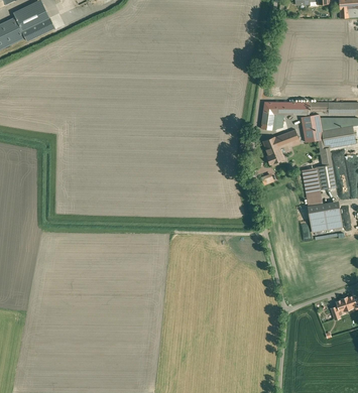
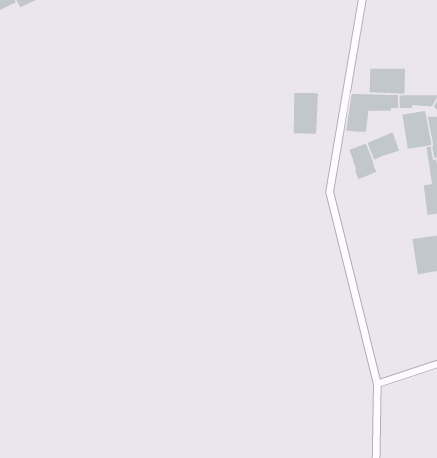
building: none -> [369,68,406,95]
building: none -> [293,92,319,134]
building: [302,166,323,204] -> none

